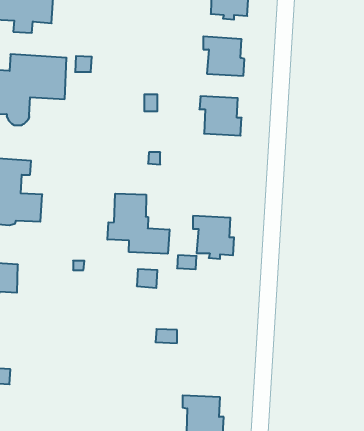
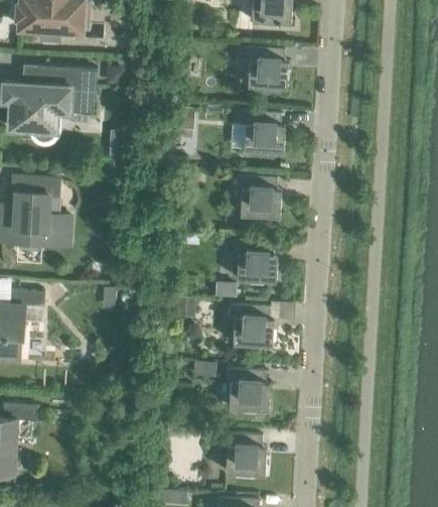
building: none -> [236,175,281,218]
building: [107,194,169,254] -> none
building: none -> [229,304,273,347]
building: none -> [225,369,270,414]

